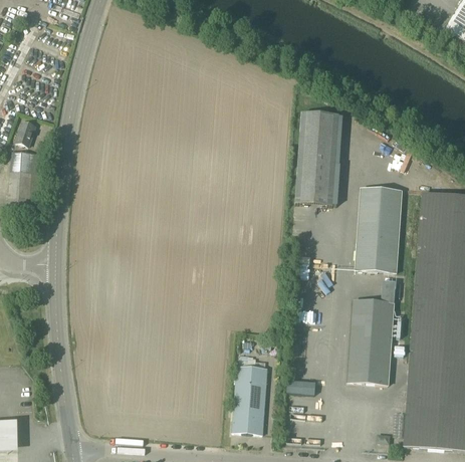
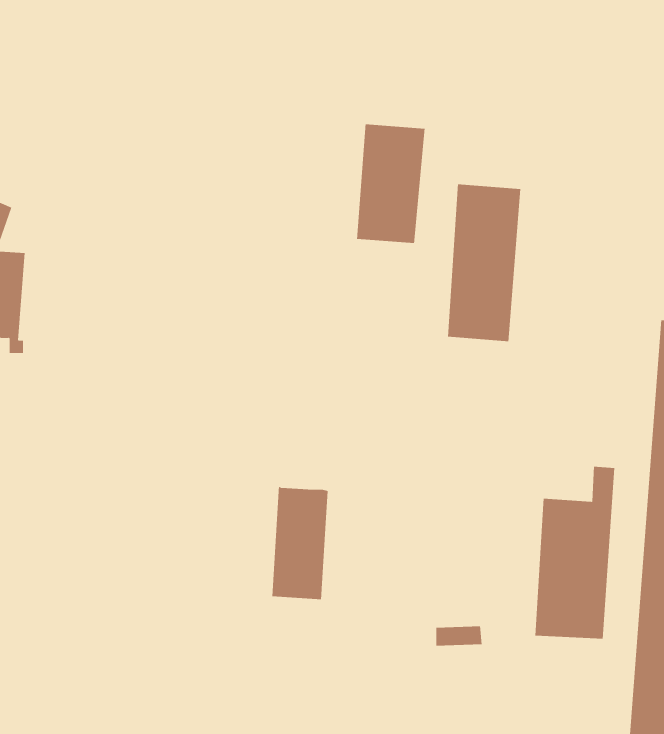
building: none -> [356,124,425,244]
building: [355,188,402,272] -> none
building: [232,365,266,433] -> [271,486,329,600]

